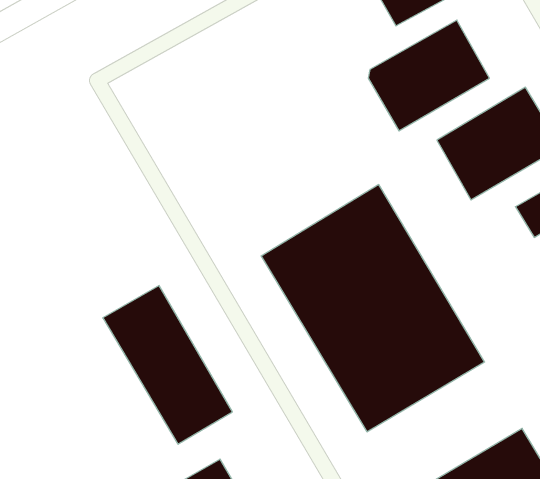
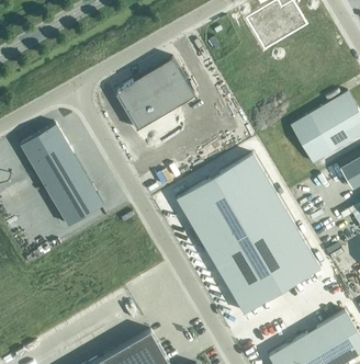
building: [368,20,489,131] -> [120,61,198,133]
building: [103,286,232,444] -> [20,123,103,225]

